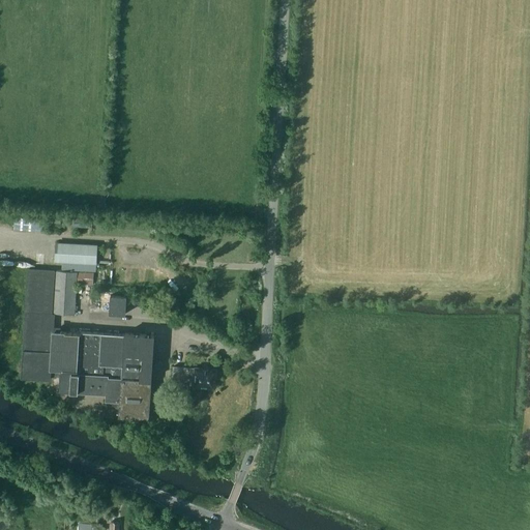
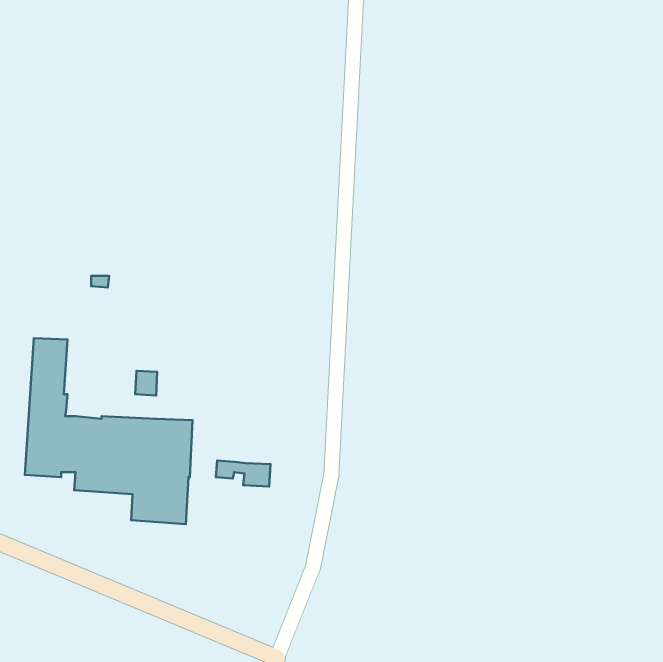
building: [54,246,96,265] -> none
building: [53,272,77,316] -> none

